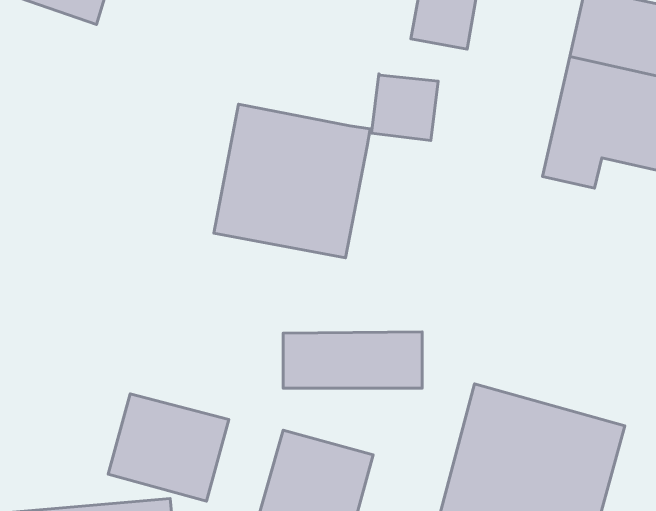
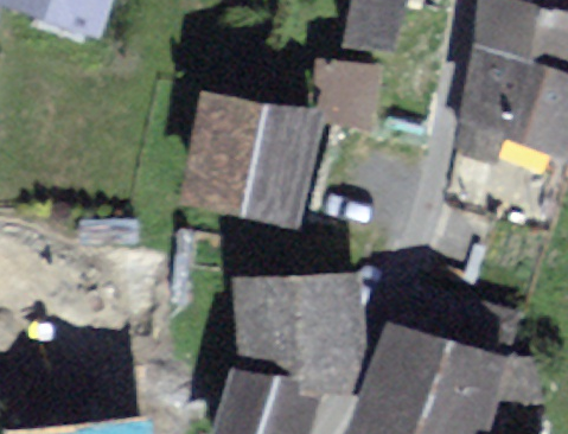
building: none -> [244,325,358,379]
building: [108,394,229,501] -> none

